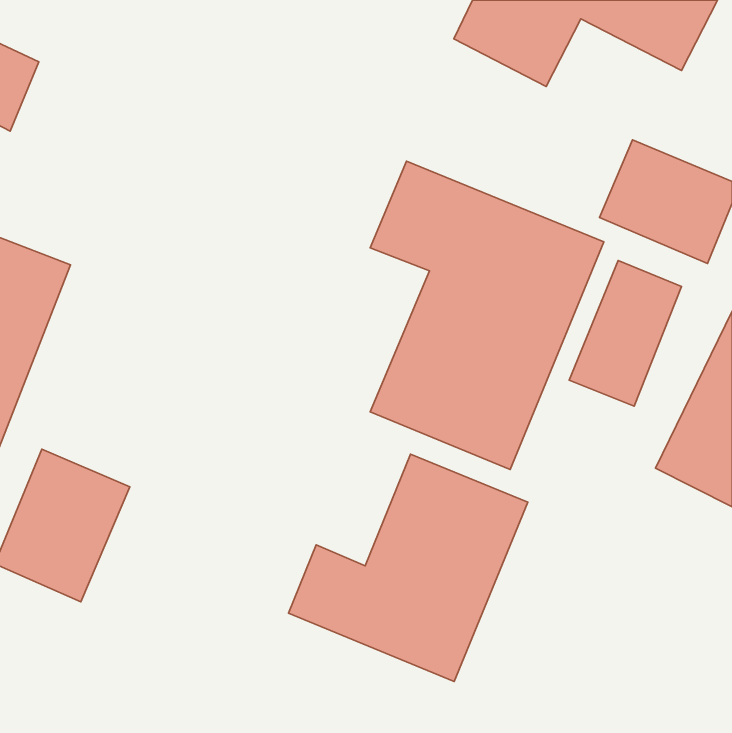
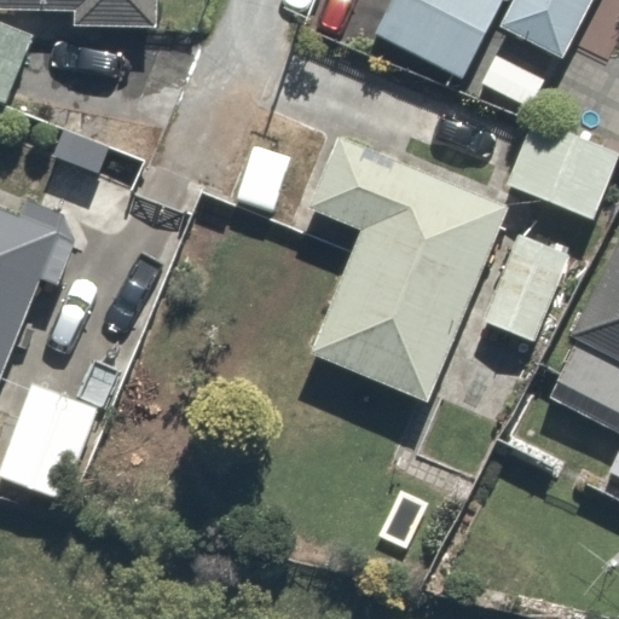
building: [289,454,528,682] -> none

